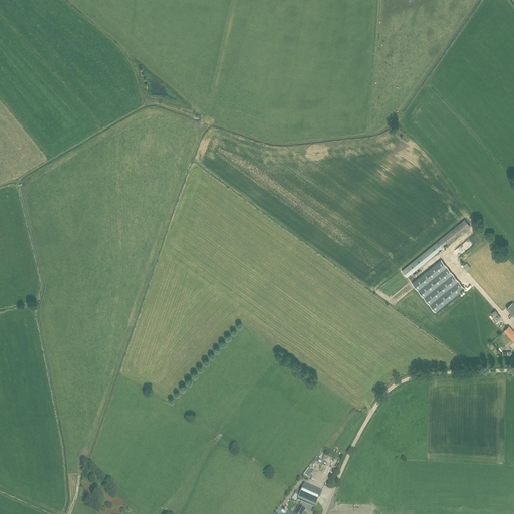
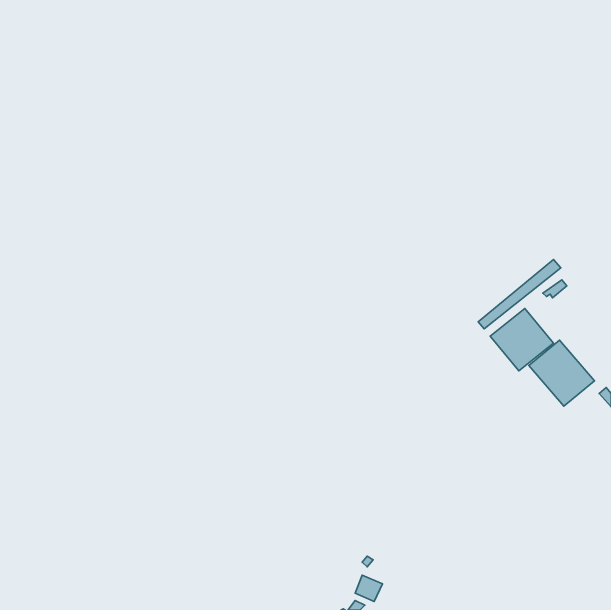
building: none -> [529,340,594,406]

